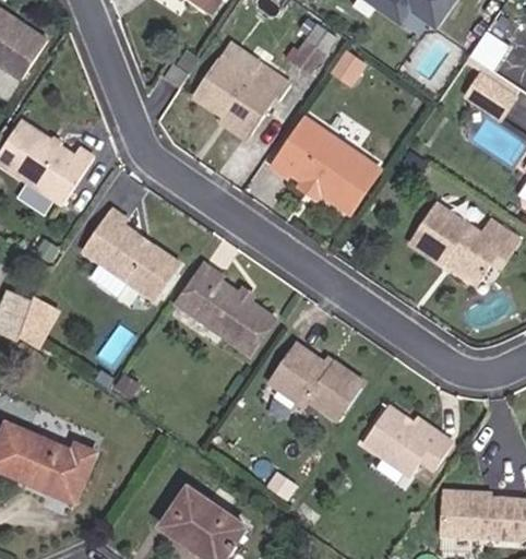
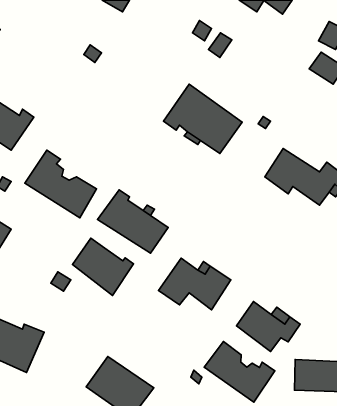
building: [201,46,299,123] -> none
building: none -> [72,238,134,296]
building: none -> [204,342,275,402]

